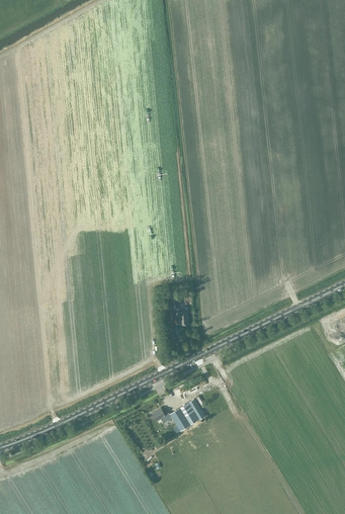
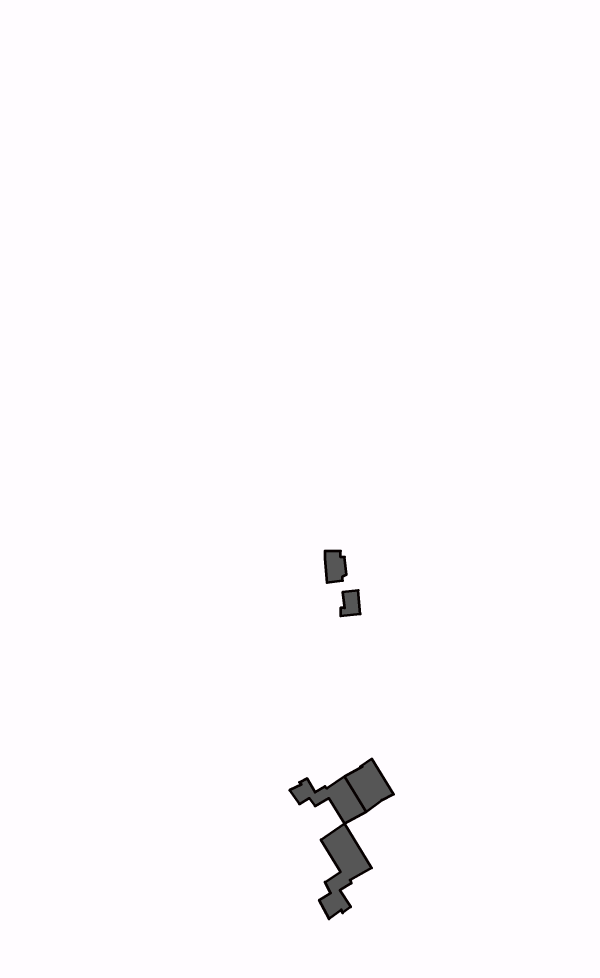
building: none -> [319,824,372,919]

